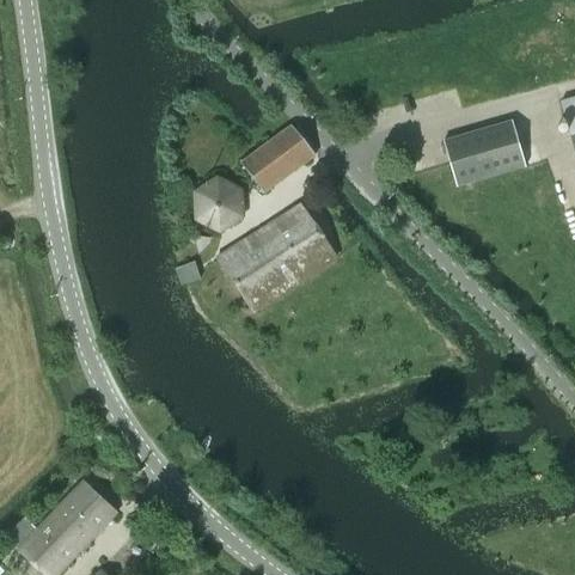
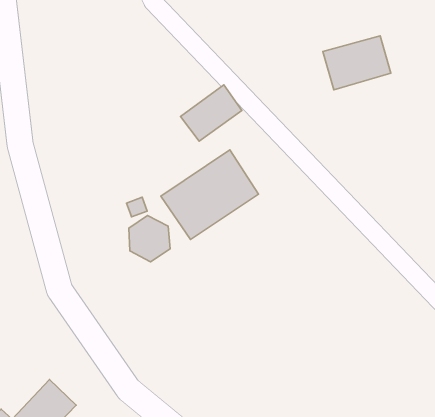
building: [444,120,526,185] -> [323,36,391,90]
building: [195,176,245,232] -> [129,215,170,262]

